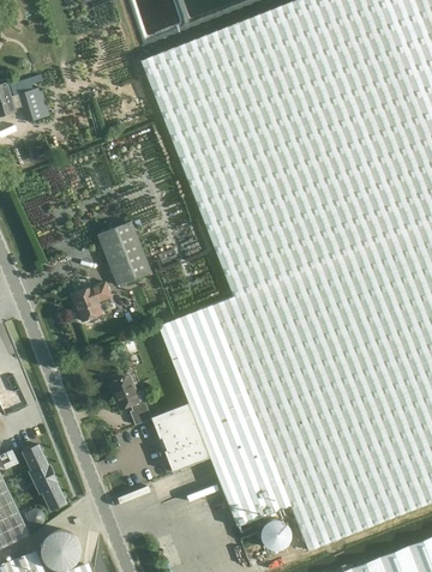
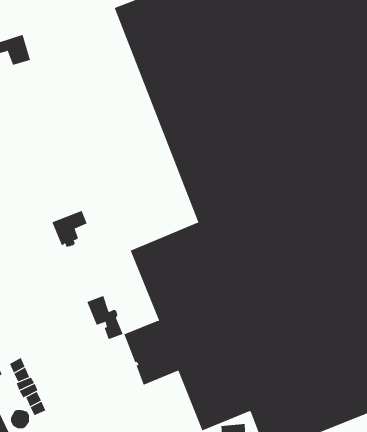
building: [97,221,152,285] -> none

